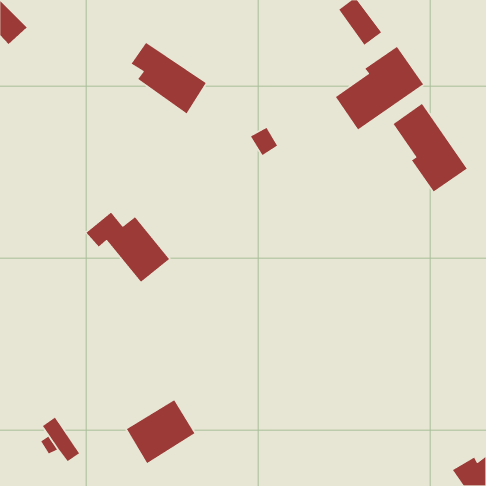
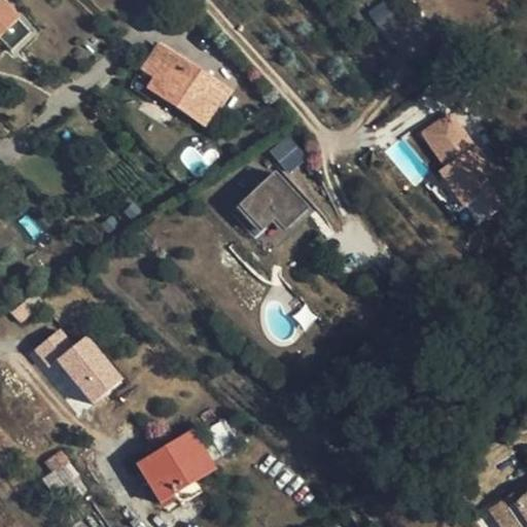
building: [335,46,424,131] -> none
building: none -> [240,175,309,243]
building: [86,211,170,283] -> [32,326,124,403]

